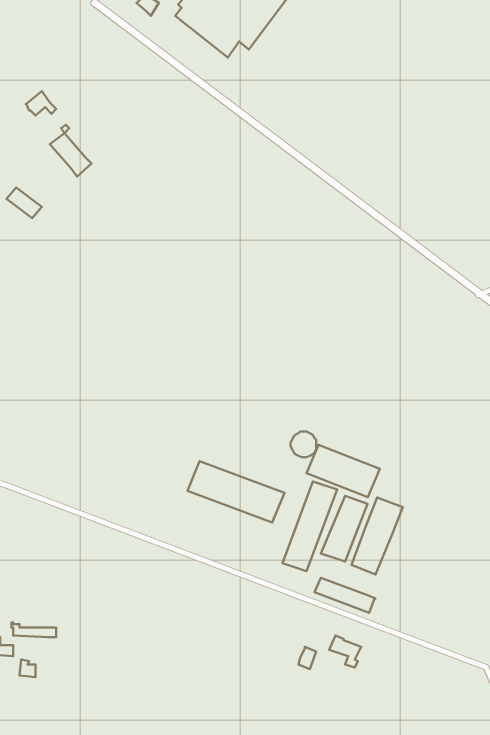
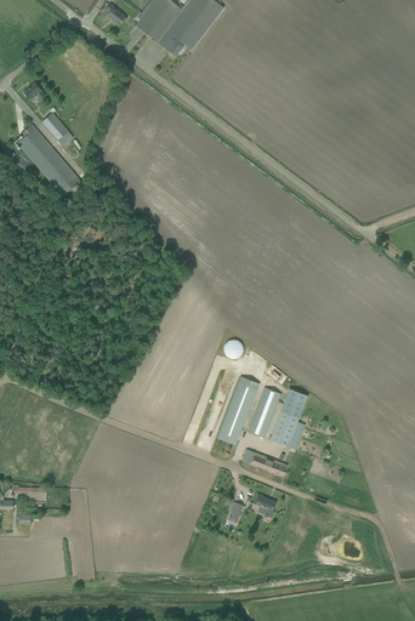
building: none -> [17,124,80,195]
building: [307,445,380,497] -> none
building: [188,461,284,523] -> none

